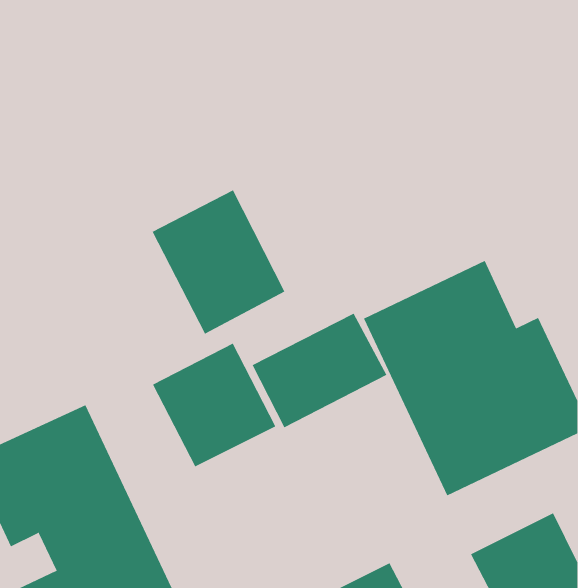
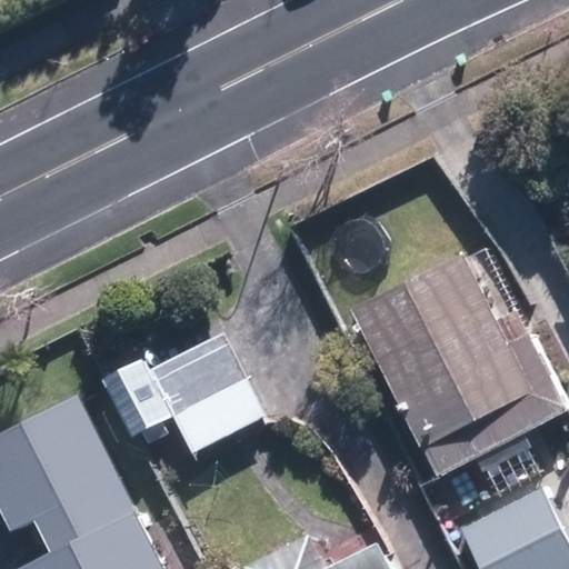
building: [152,190,285,335] -> none
building: [252,313,387,428] -> none

